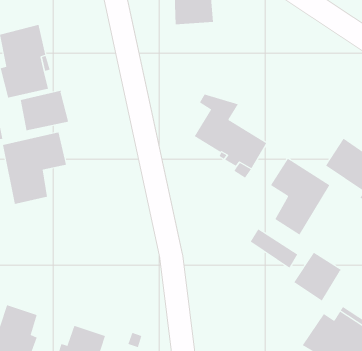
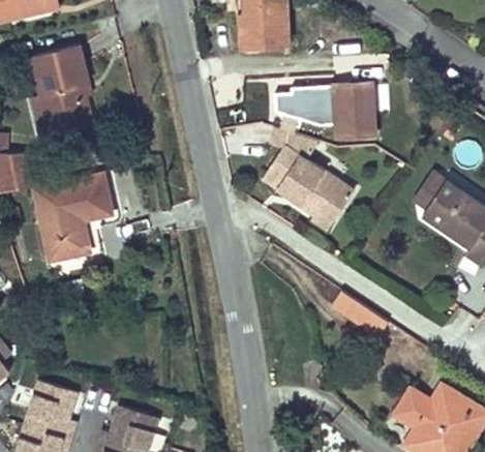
building: none -> [291,84,374,137]
building: [20,90,69,131] -> none
building: [270,158,330,235] -> none
building: [293,252,342,301] -> none

